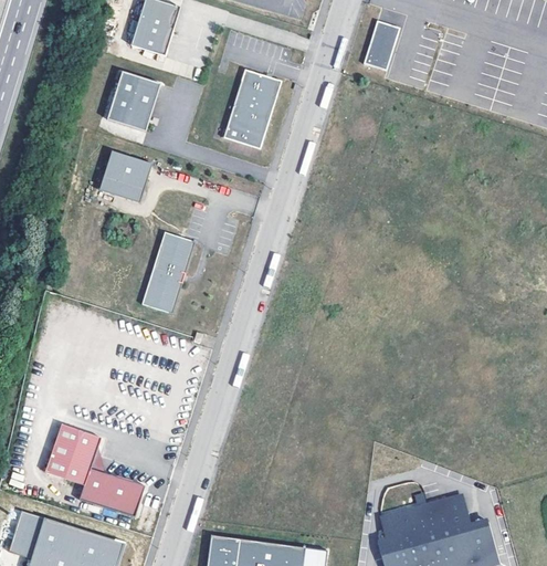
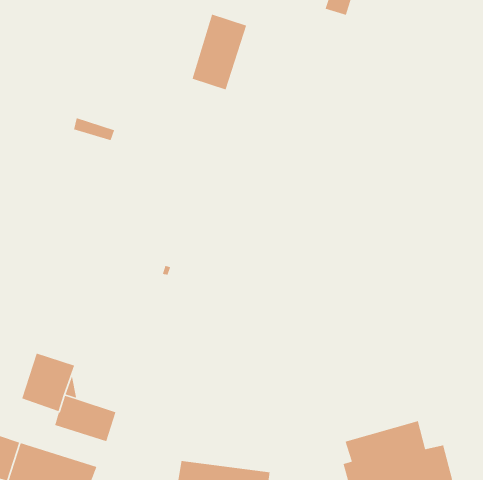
building: [107,71,160,132] -> none
building: [103,150,152,190] -> none
building: [141,231,196,314] -> none

